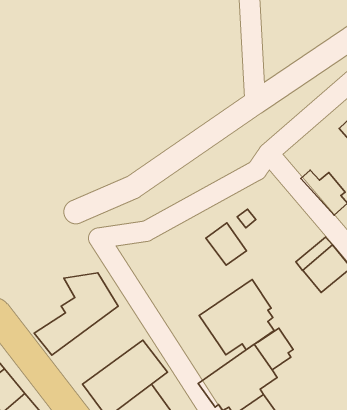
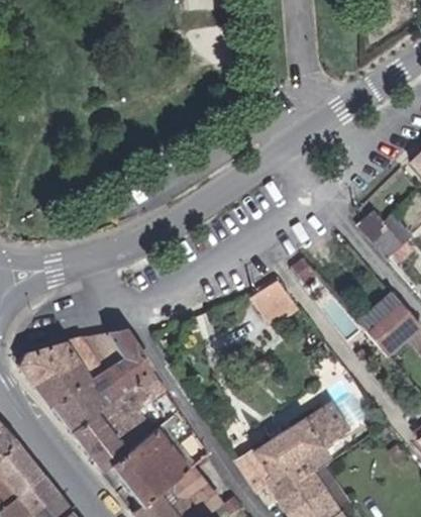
building: none -> [14,338,95,404]
building: [199,279,274,355] -> none
building: none -> [68,372,176,470]

